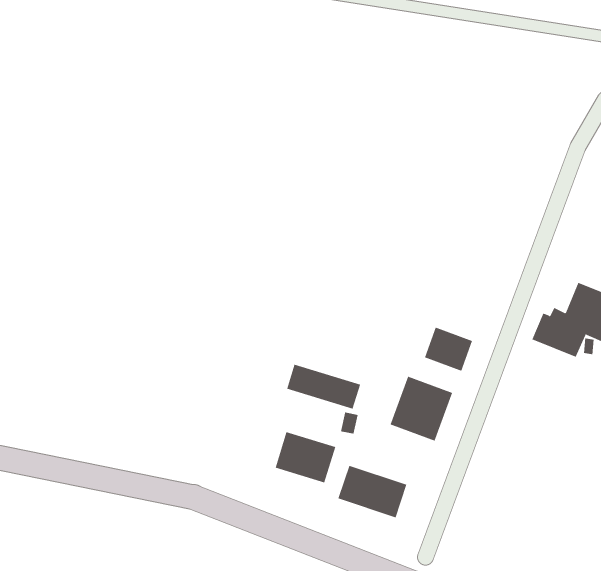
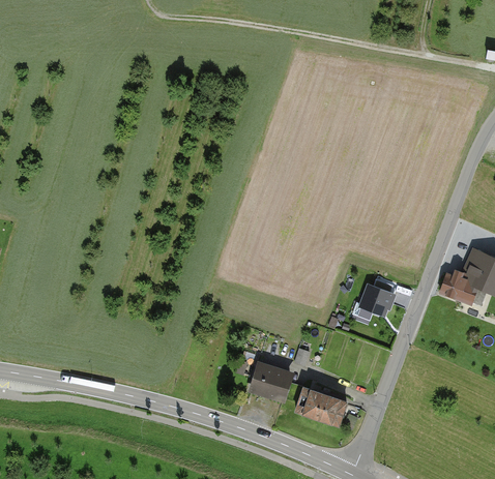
building: [286,364,361,410] -> none
building: [390,376,453,441] -> none

